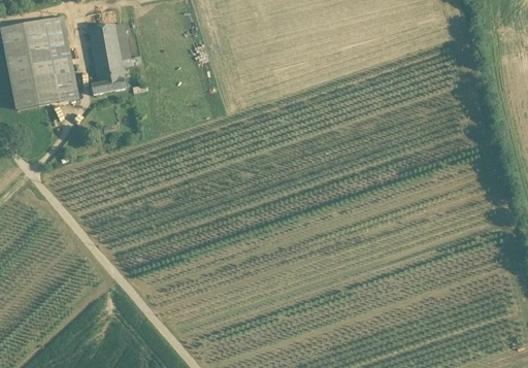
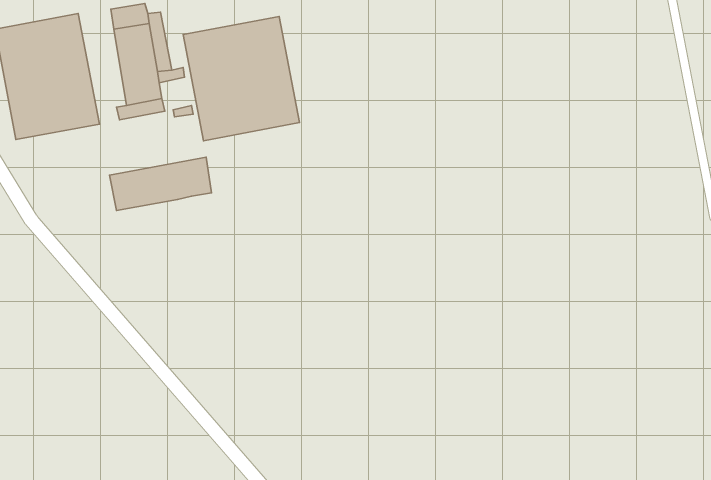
building: none -> [183,17,300,141]
building: none -> [110,157,211,210]

